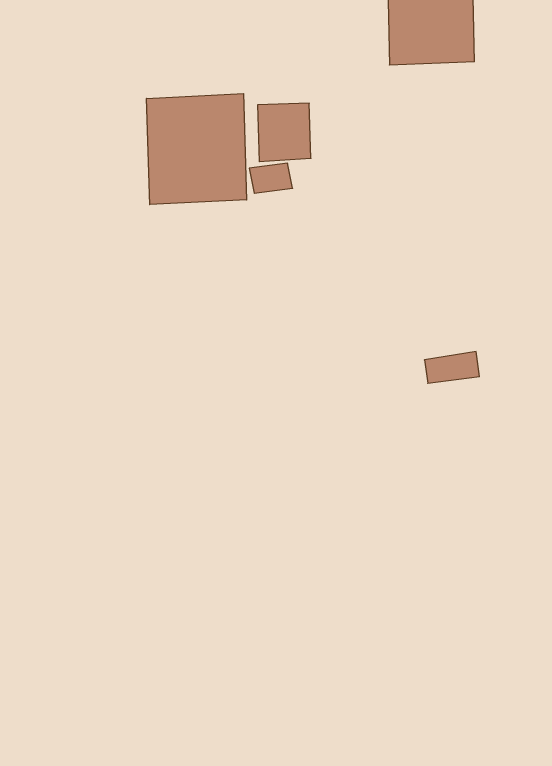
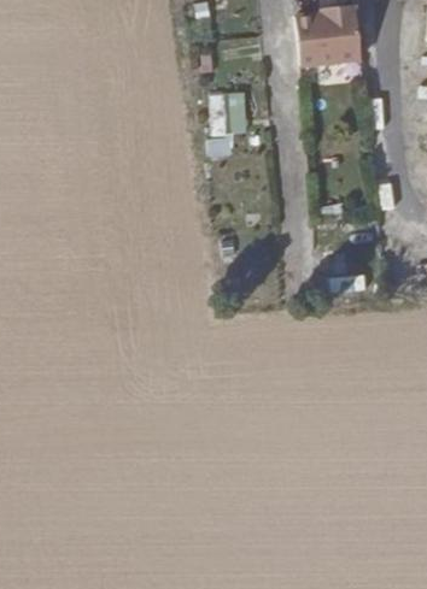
building: [147,94,247,205] -> none

